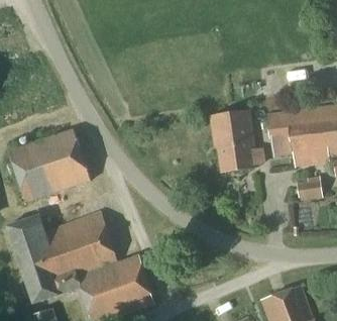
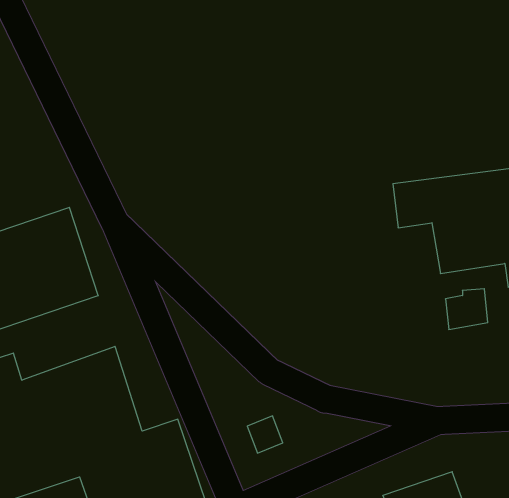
building: [212,110,262,172] -> none

